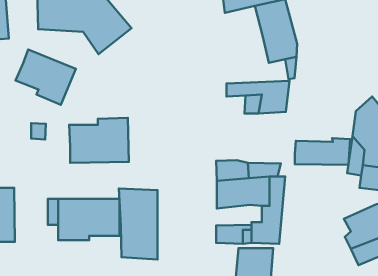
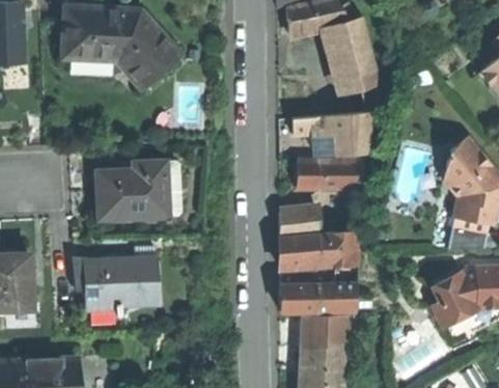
building: [15,50,76,105] -> none
building: [295,138,350,165] -> [296,159,362,191]
building: [119,189,158,259] -> none

